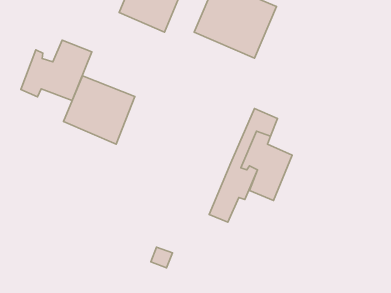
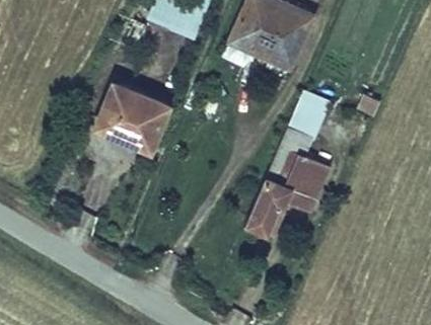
building: [21,40,92,100] -> none
building: none -> [282,95,318,135]

